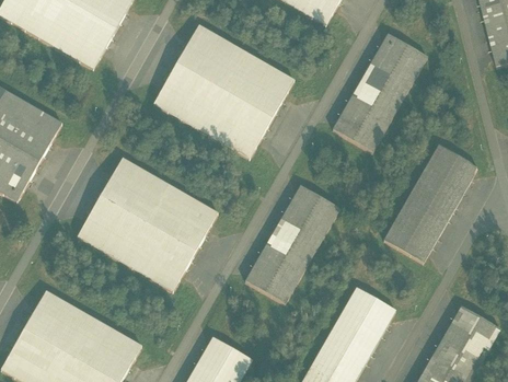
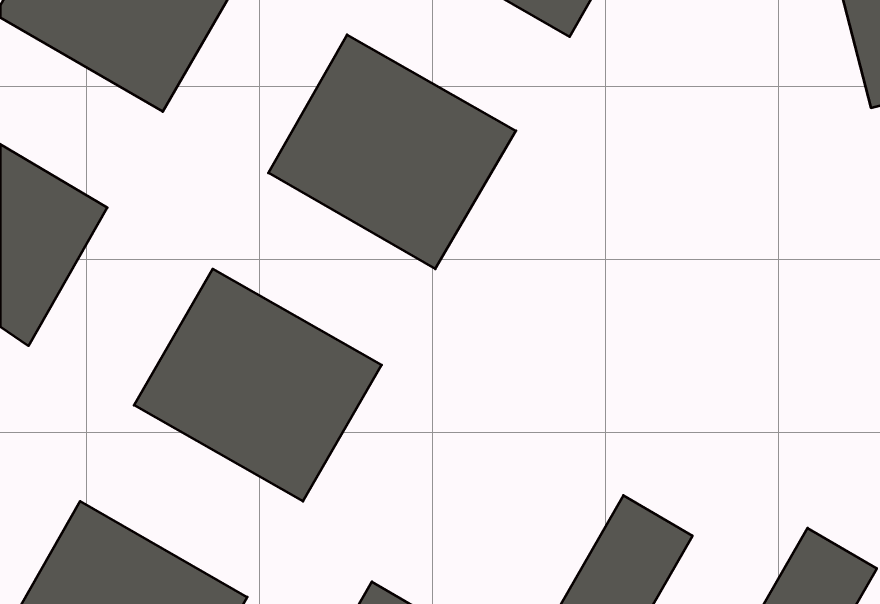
building: [333,33,427,151] -> none
building: [383,143,477,262] -> none
building: [245,185,339,303] -> none

